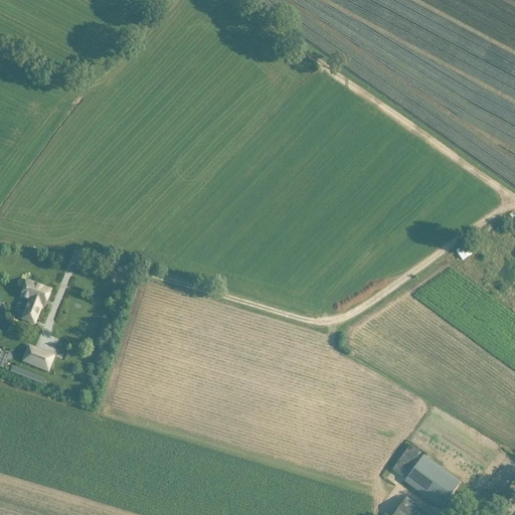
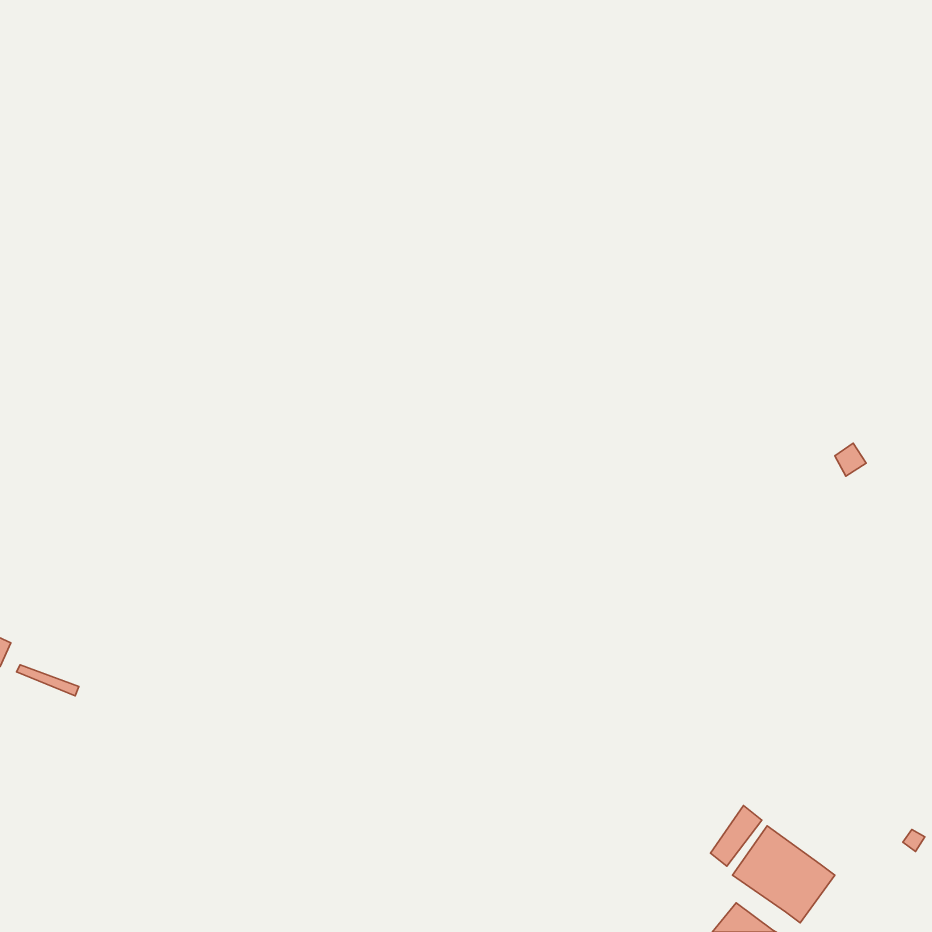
building: [20,280,49,317] -> none
building: [22,345,52,370] -> none

